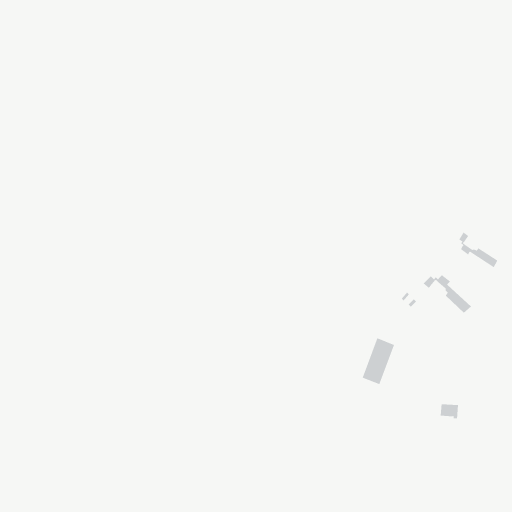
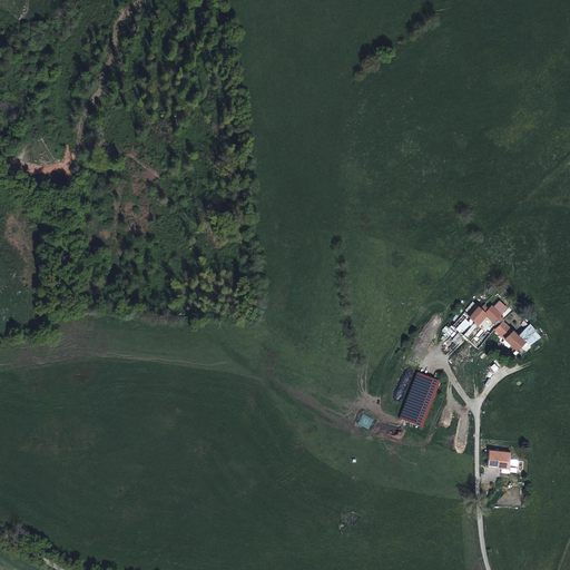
building: [458,231,498,268] -> none

